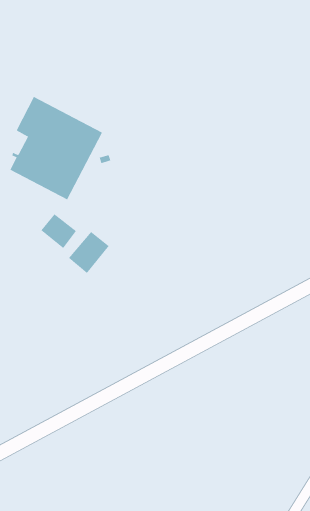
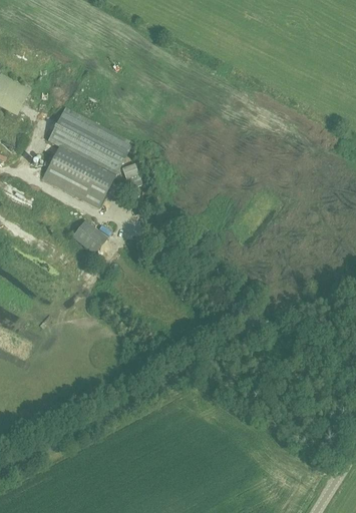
building: [68,231,110,274] -> none

